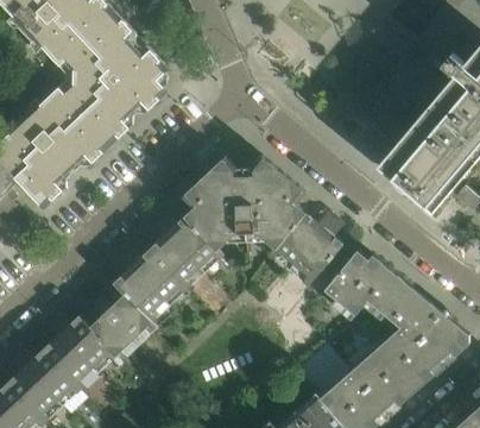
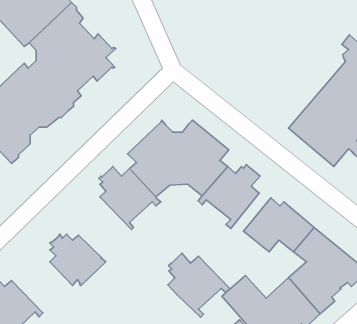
building: [113,245,188,322] -> [168,253,230,317]
building: [43,313,116,389] -> none

